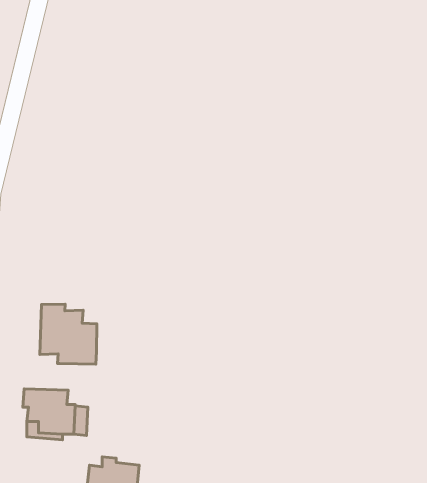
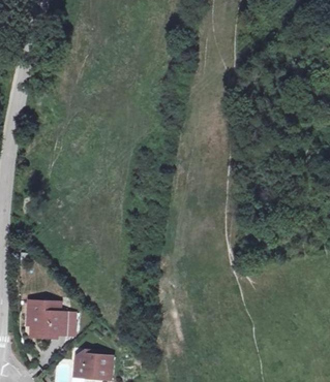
building: [40,304,97,364] -> none

